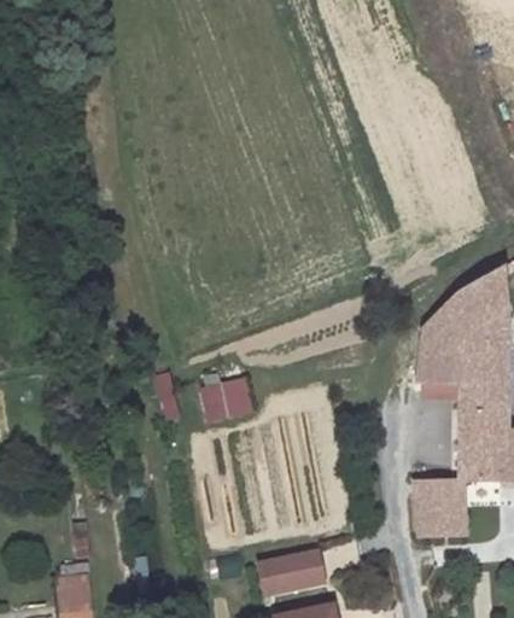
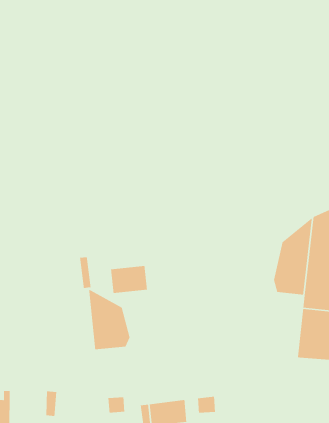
building: none -> [88,288,131,350]
building: [414,478,466,536] -> none

